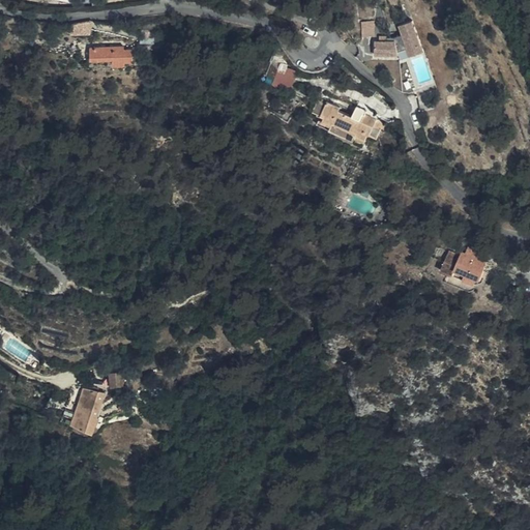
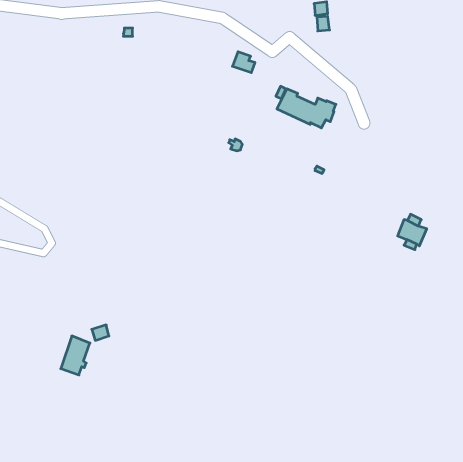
building: [374,23,422,58] -> none
building: [88,48,131,67] -> none

